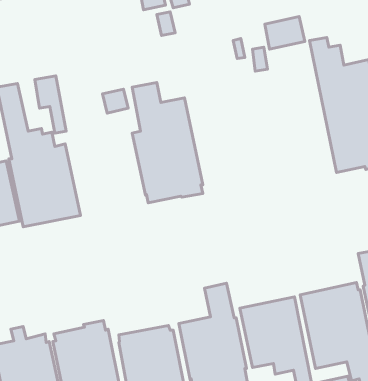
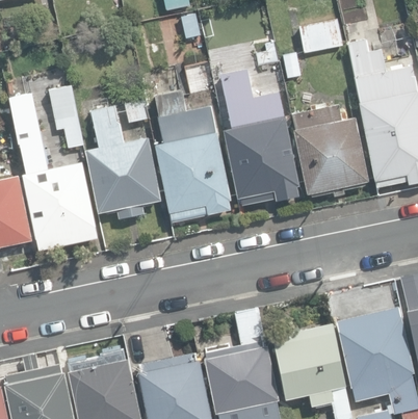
building: none -> [218,70,299,202]
building: none -> [293,105,368,198]
building: none -> [84,106,161,219]

